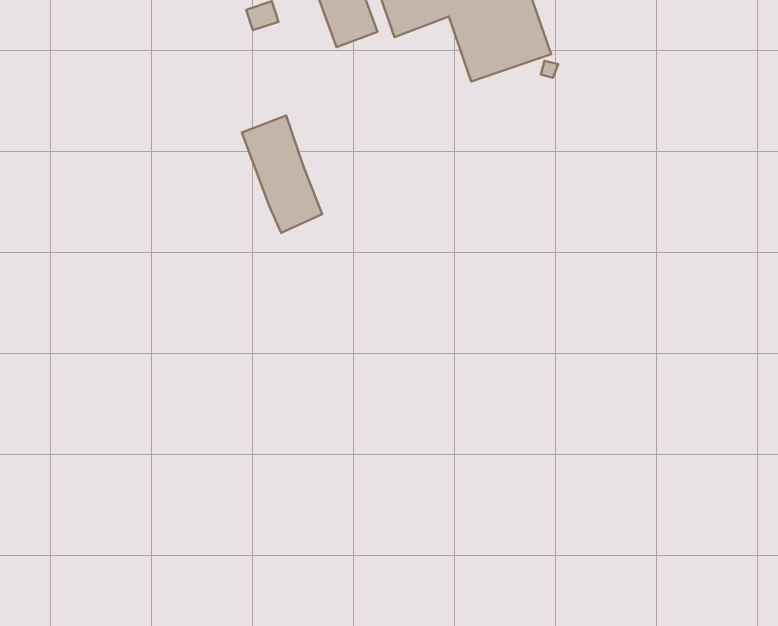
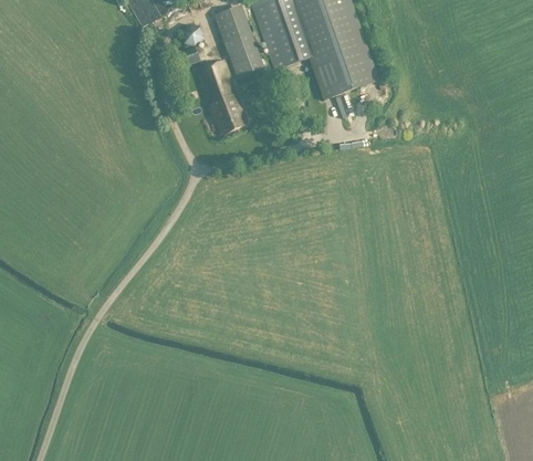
building: [242,115,322,233] -> [195,57,247,134]

